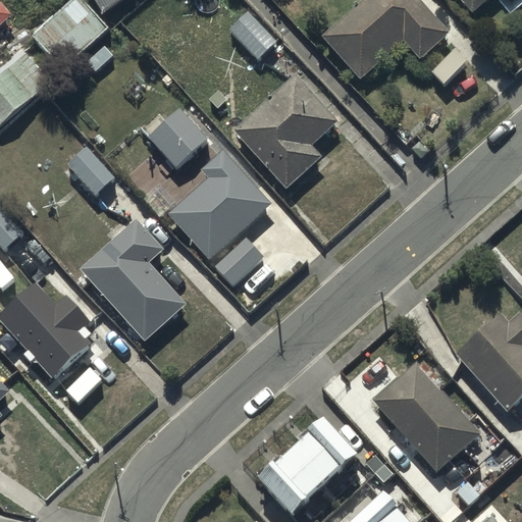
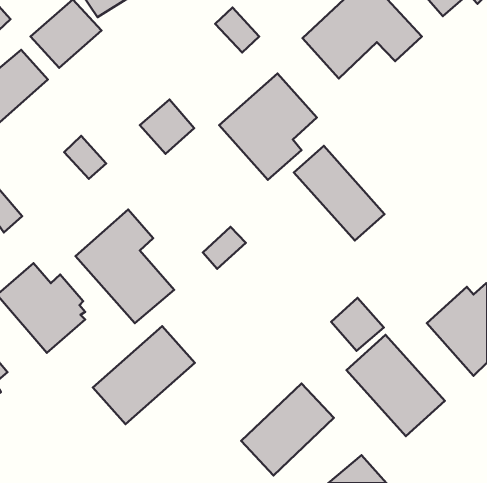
building: [168,154,269,261] -> none
building: none -> [294,146,385,241]
building: none -> [331,298,384,351]
building: none -> [93,326,195,424]

